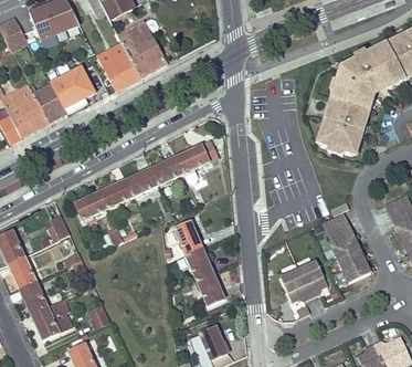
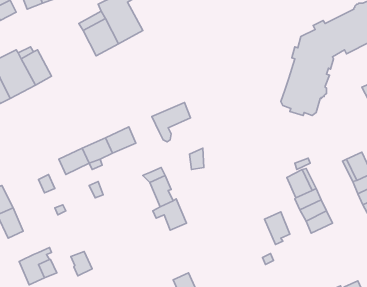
building: [41,59,94,112] -> none
building: [150,156,183,185] -> none
building: [281,268,310,300] -> none
building: [196,272,221,305] -> none
building: [19,281,46,313] -> none

